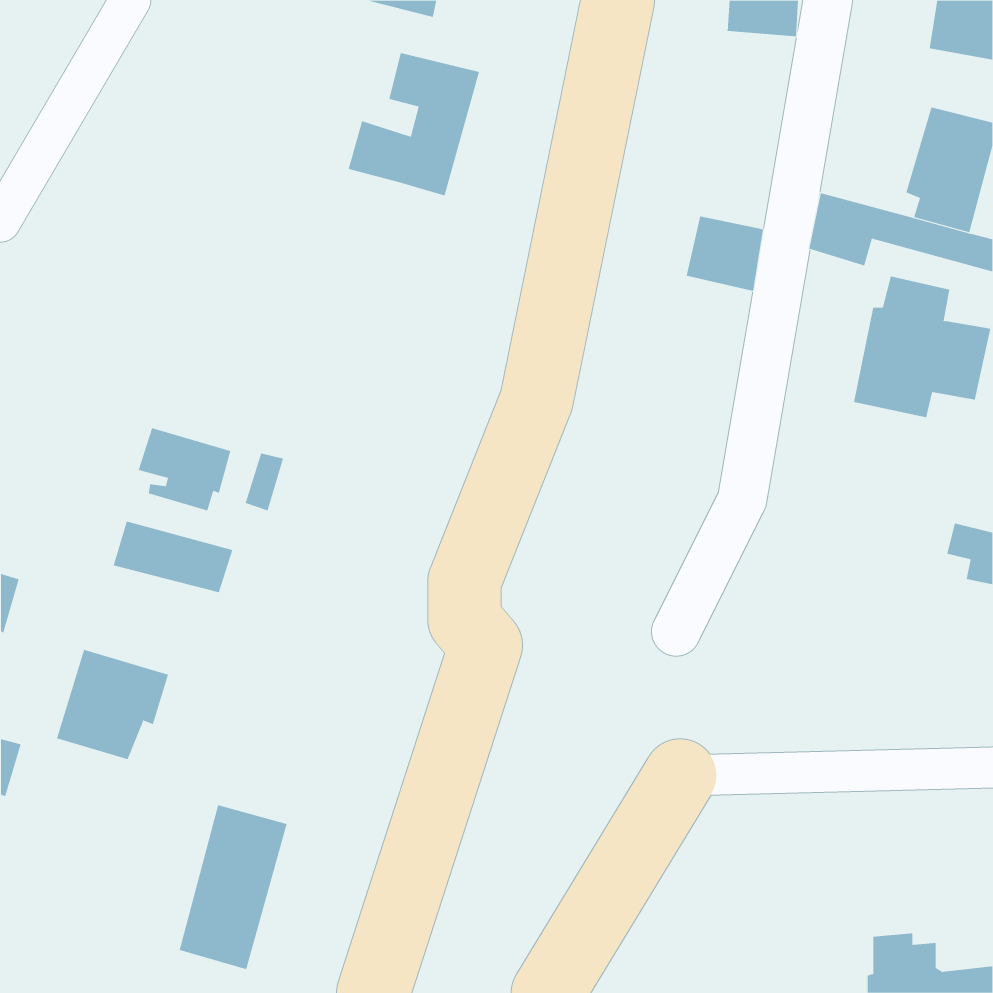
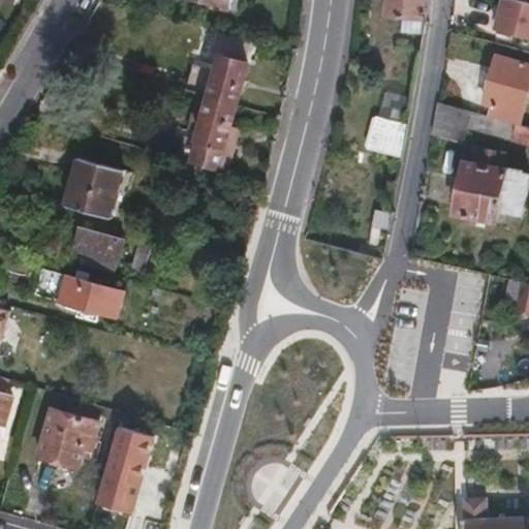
building: none -> [178,97,237,174]
building: none -> [62,159,122,219]
building: [56,649,169,760] -> [38,408,98,467]

